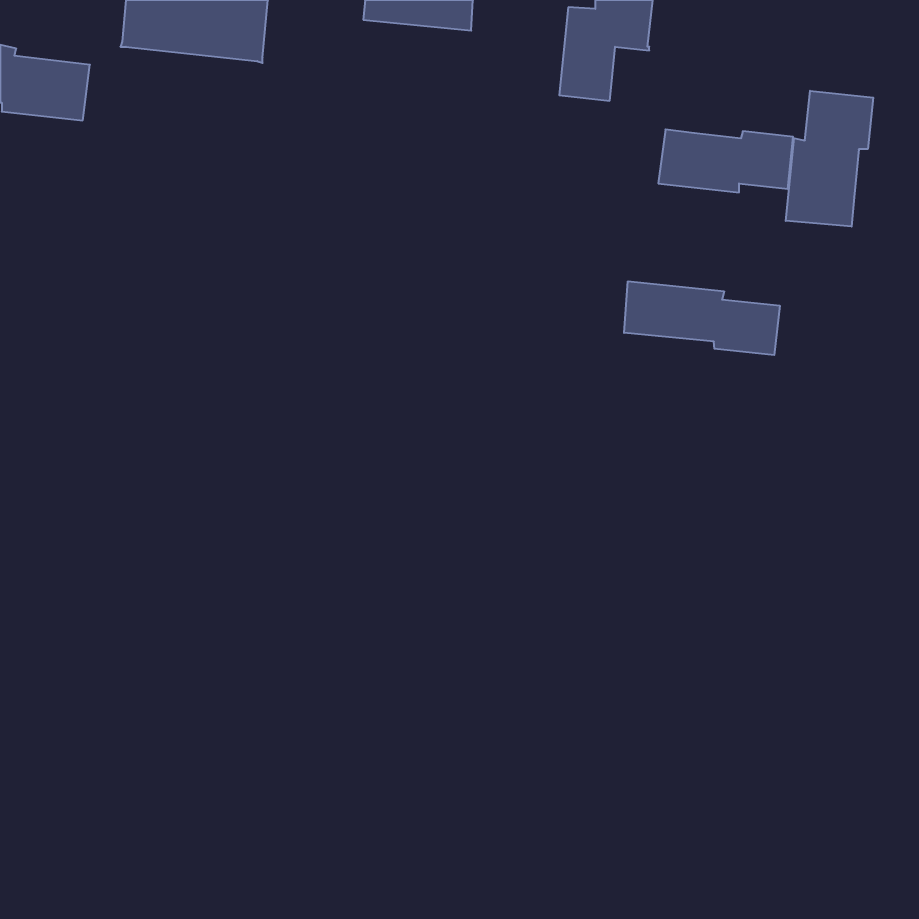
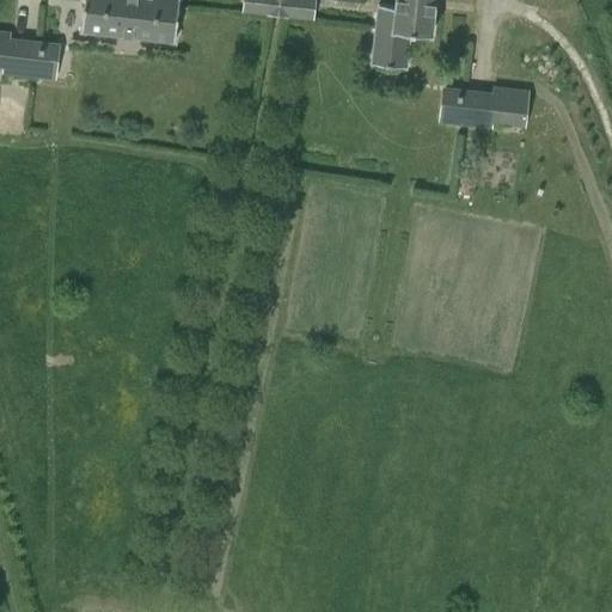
building: [786,91,873,227] -> none
building: [624,281,780,355] -> none

